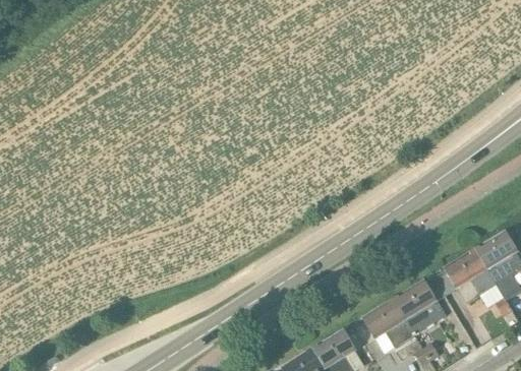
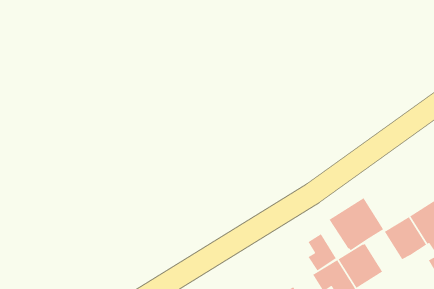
building: none -> [329,197,384,251]
building: none -> [307,233,337,271]

